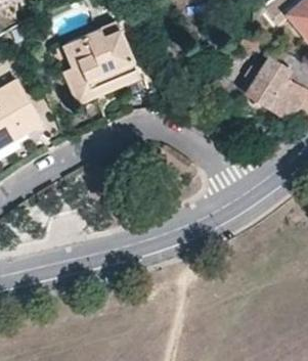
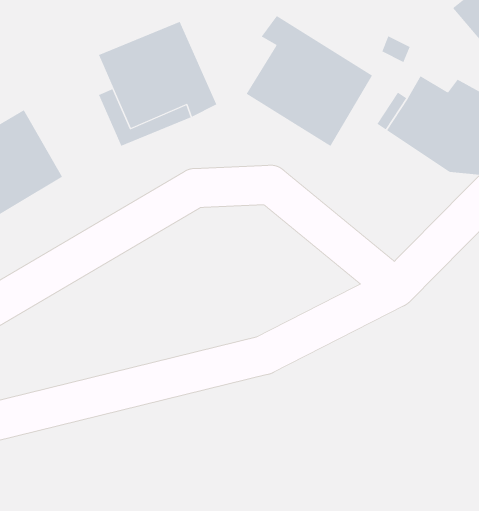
building: none -> [246,15,373,147]

